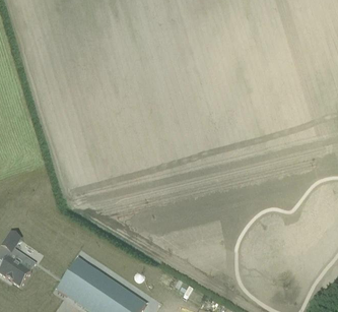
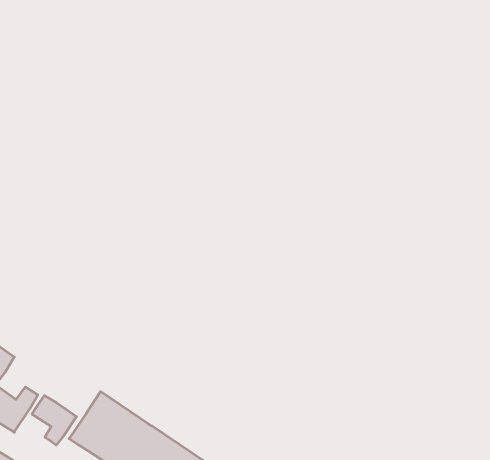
building: none -> [32,396,77,445]

